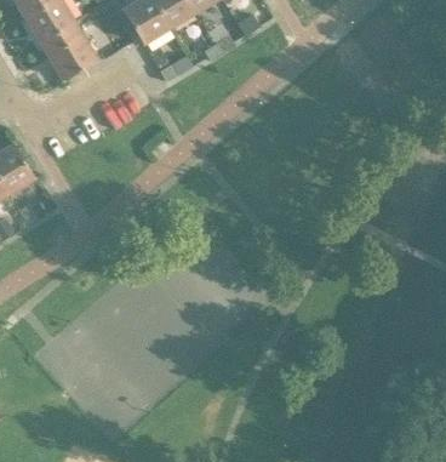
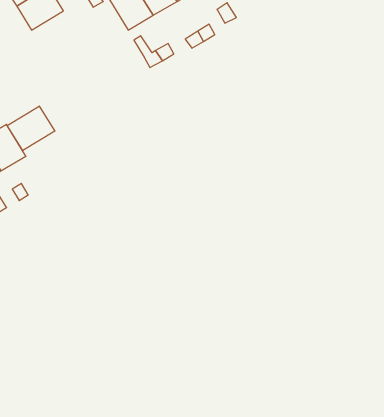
building: [40,22,97,79] -> none
building: none -> [7,106,55,151]

